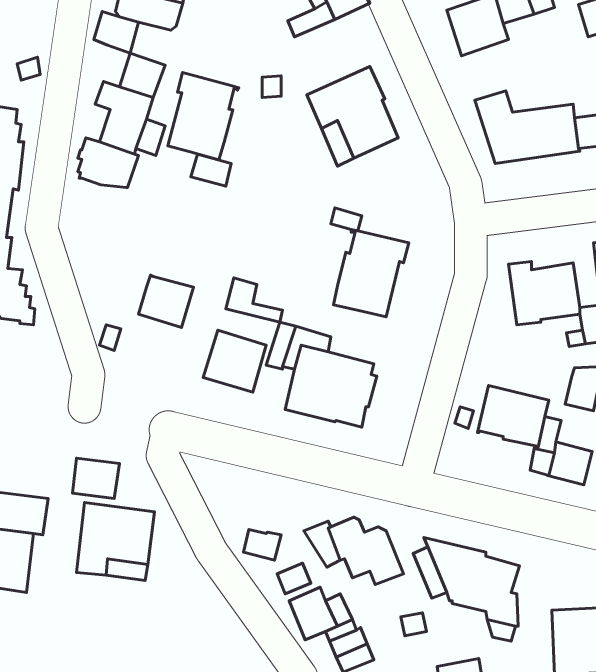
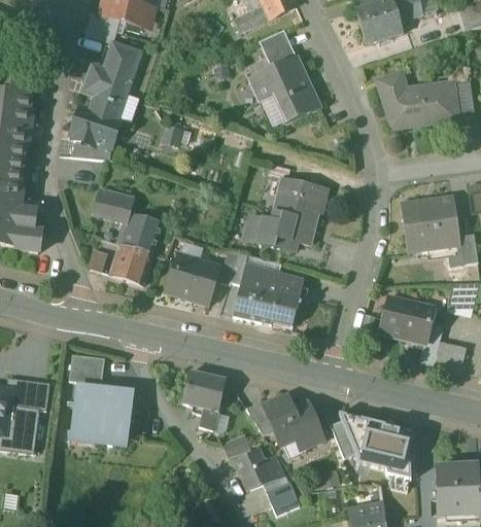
building: none -> [257,27,297,64]
building: [168,72,239,160] -> none
building: none -> [70,137,110,156]
building: none -> [93,187,135,220]
building: [226,278,282,322] -> [248,214,291,248]
building: none -> [111,241,152,281]
building: none -> [184,370,226,409]

